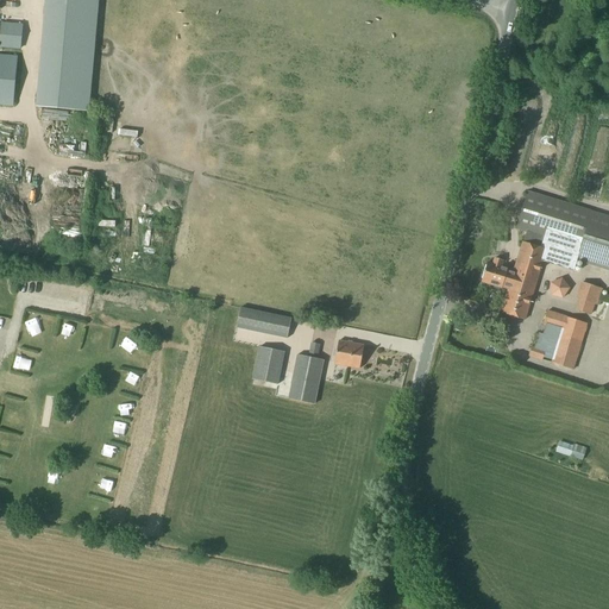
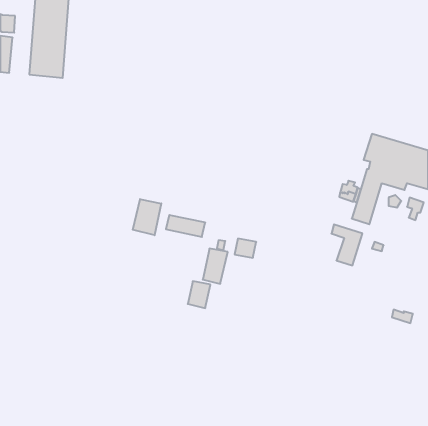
building: none -> [133,199,161,235]
building: [544,309,588,368] -> [331,224,362,265]
building: [252,345,284,383] -> [188,281,210,308]

